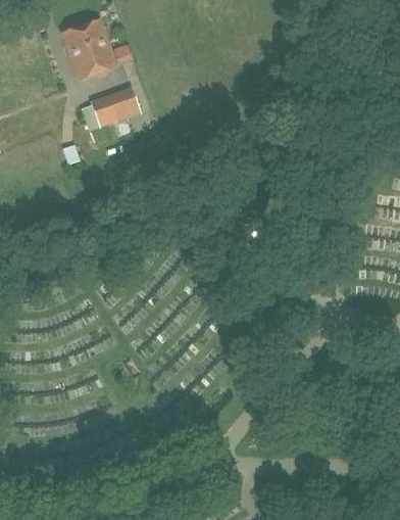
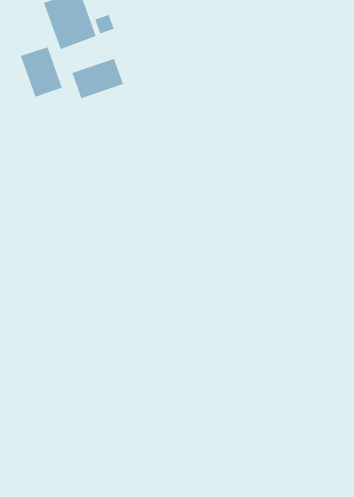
building: none -> [20,46,63,98]

